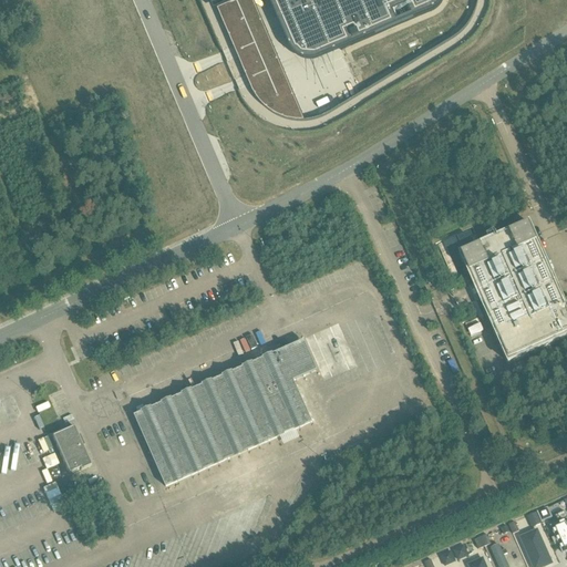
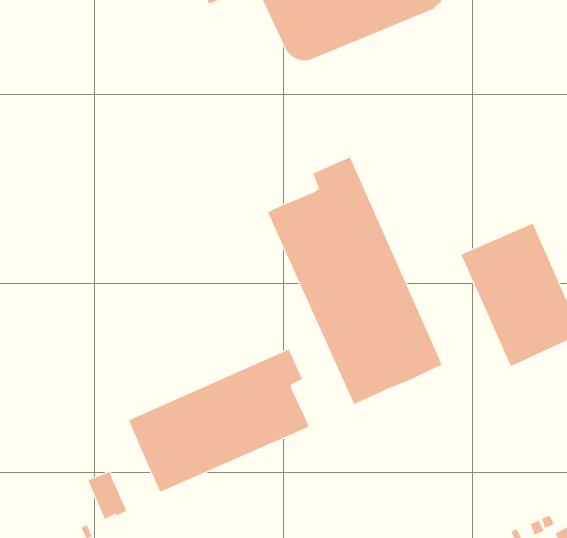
building: none -> [267,156,443,405]
building: [52,422,91,470] -> [88,471,127,520]

